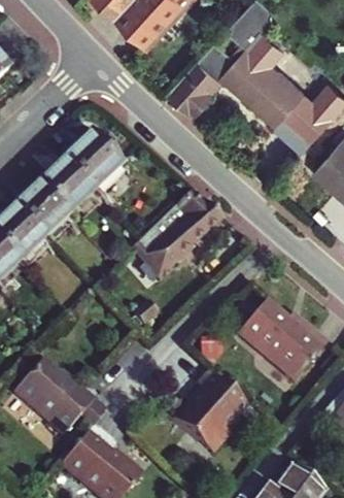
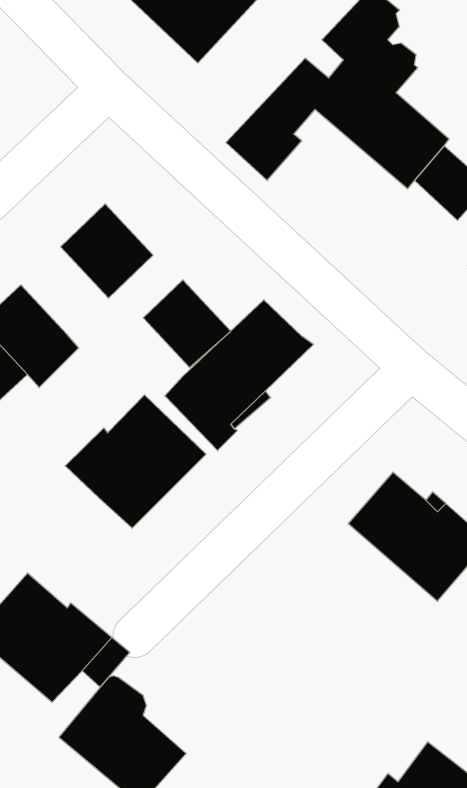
building: [37,160,92,214] -> [143,280,231,367]
building: none -> [65,395,206,528]
building: [175,372,247,455] -> none

